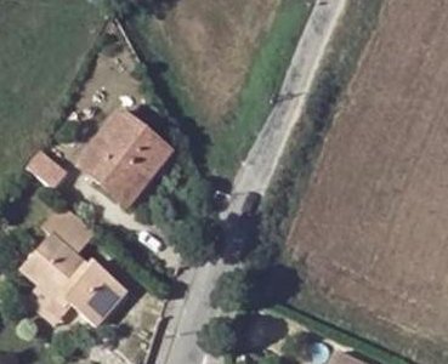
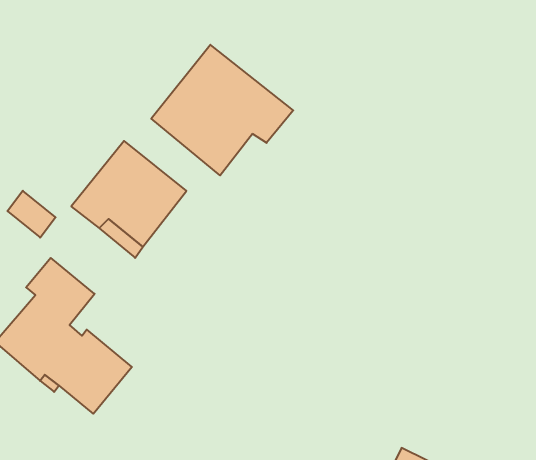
building: none -> [151,45,293,175]

